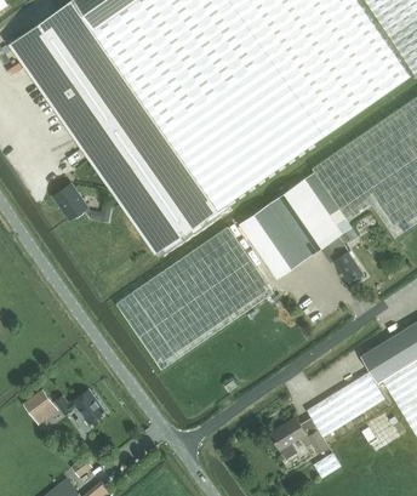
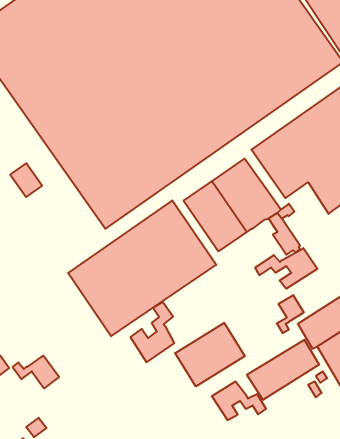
building: none -> [255,248,317,289]
building: none -> [277,295,304,333]
building: none -> [131,302,174,362]
building: none -> [175,323,245,386]

